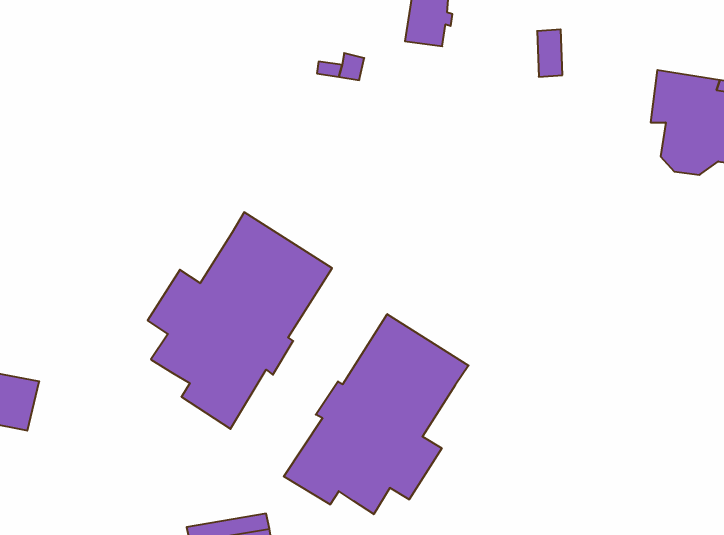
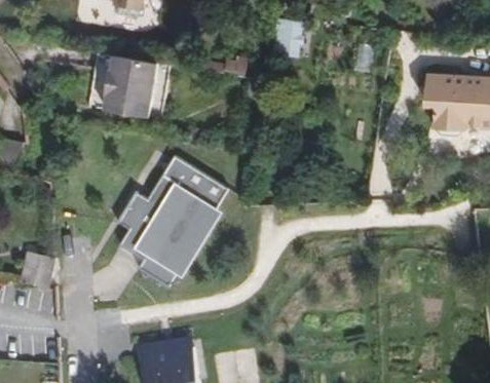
building: none -> [88,54,169,121]
building: [284,314,469,514] -> none

